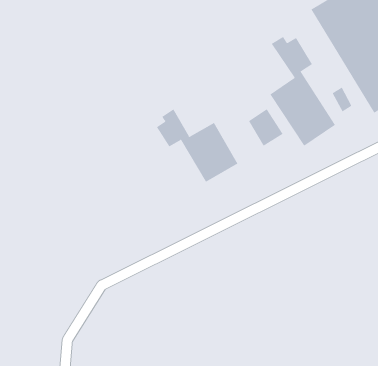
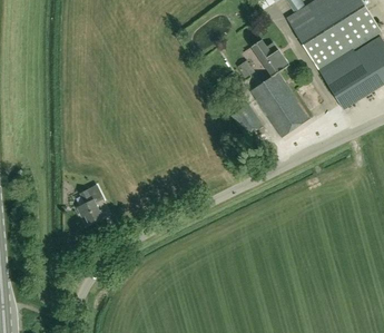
building: [156,109,238,183] -> none
building: none -> [77,185,104,222]

